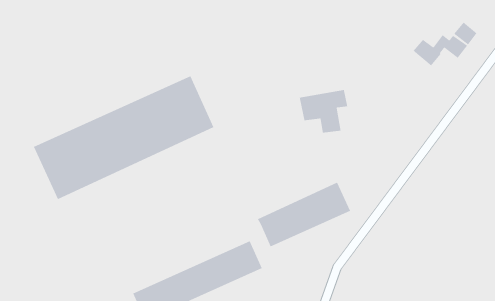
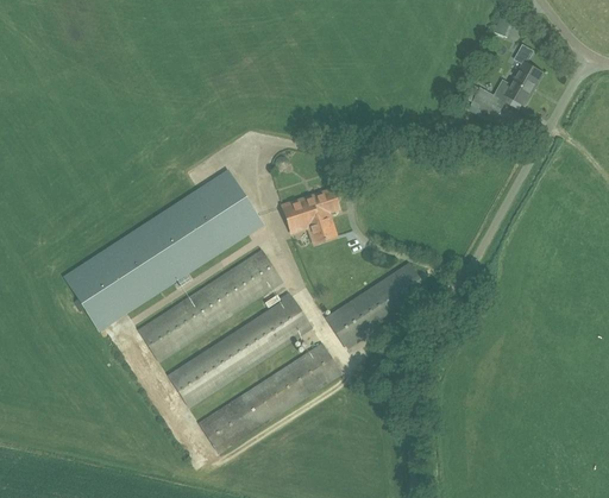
building: [299,89,348,133] -> [282,189,339,242]
building: none -> [137,248,283,363]
building: none -> [167,295,313,408]

